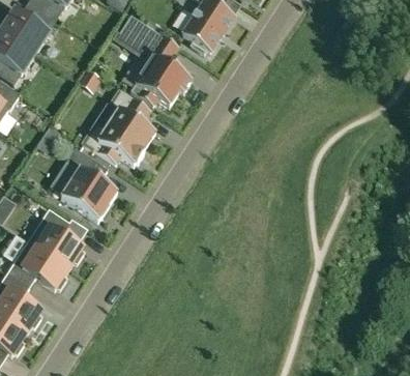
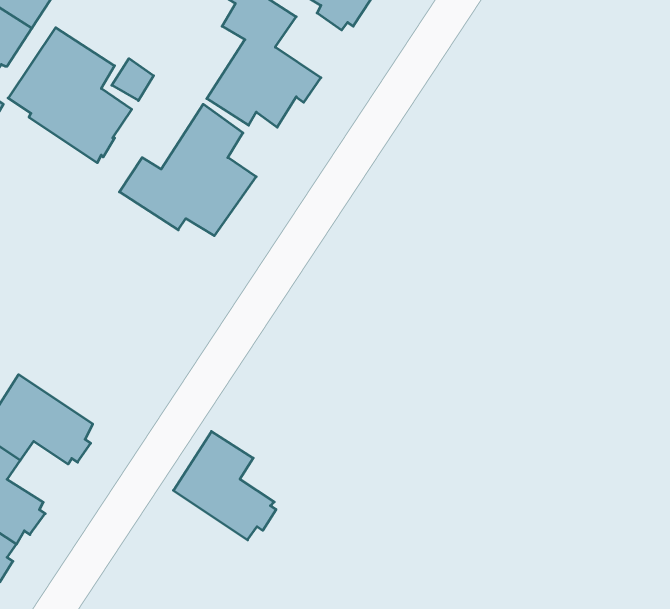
building: [49,147,116,221] -> [8,28,132,163]
building: [27,208,83,267] -> [173,431,276,540]

